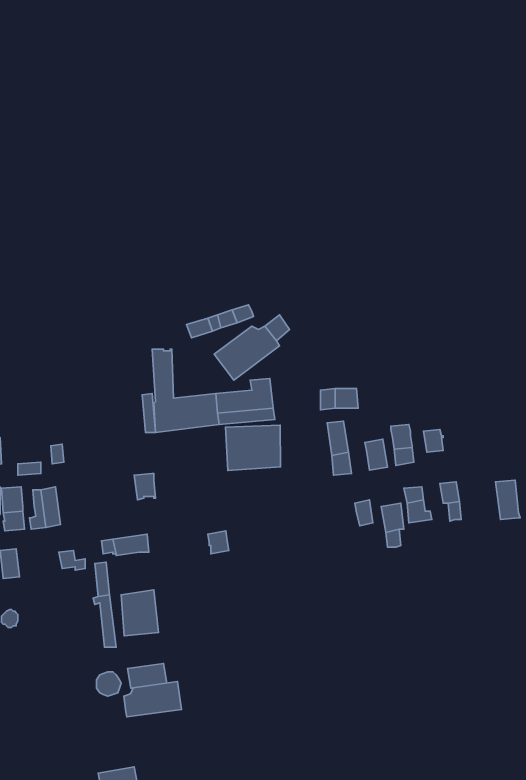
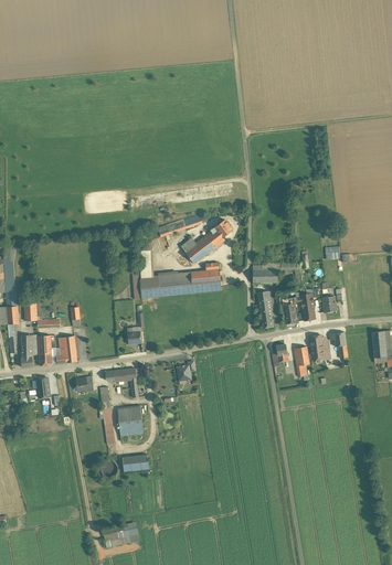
building: [226,425,280,471] -> none
building: [124,682,181,717] -> none

